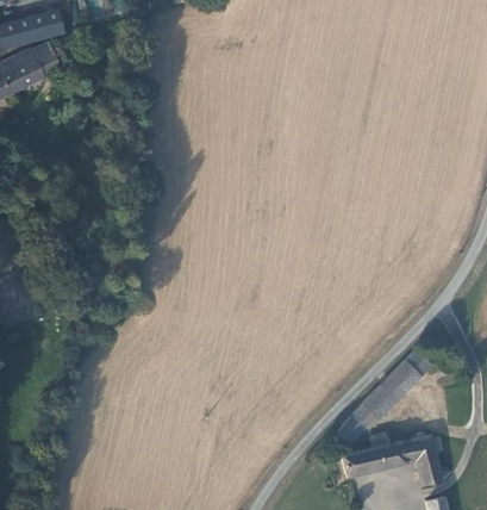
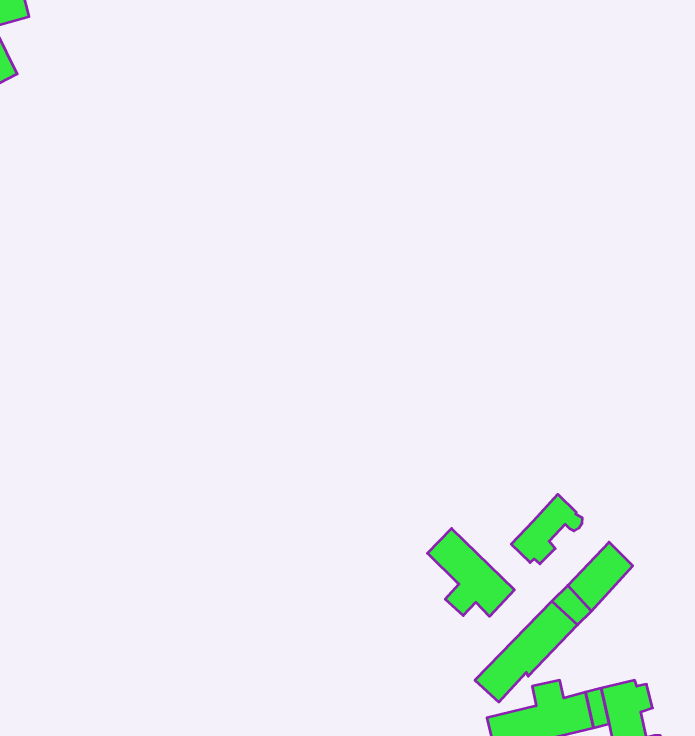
building: none -> [511,494,582,564]
building: none -> [427,528,514,616]

